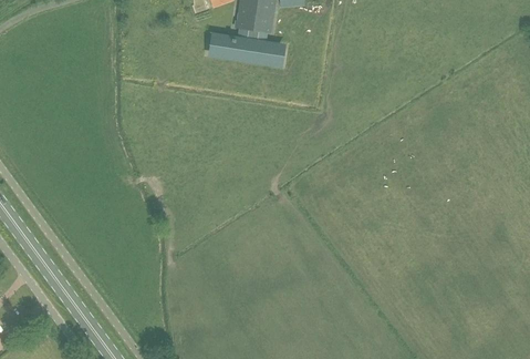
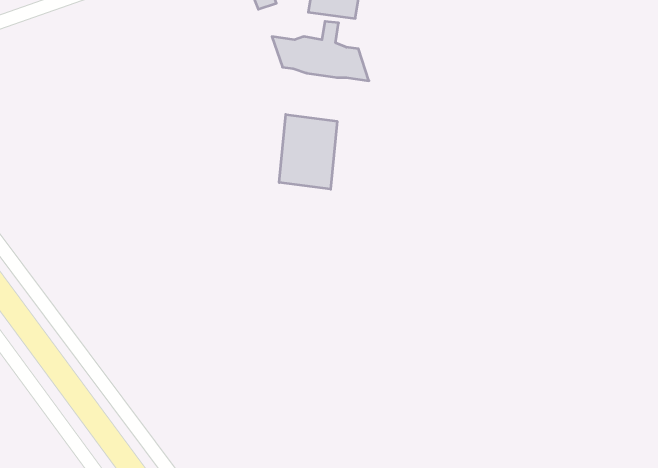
building: none -> [279,114,337,189]

